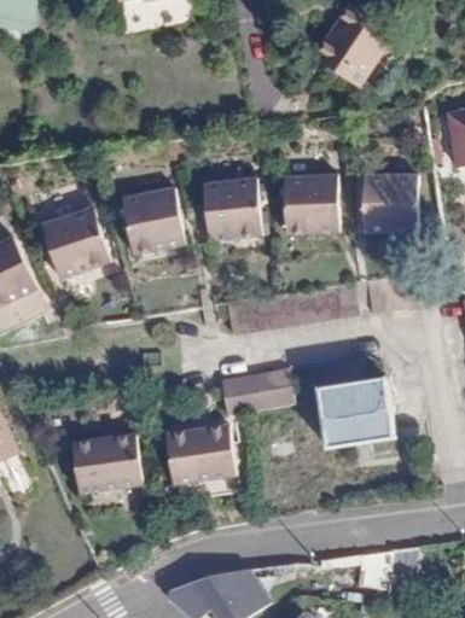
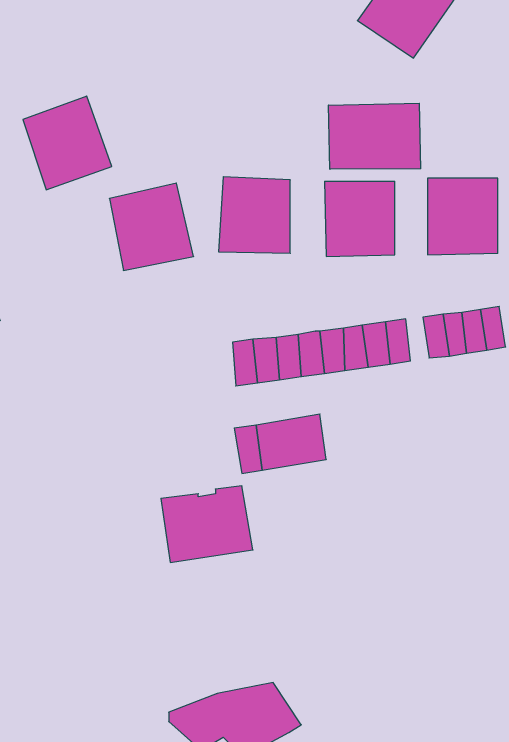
building: none -> [329,103,421,169]
building: [41,204,110,276] -> [23,96,112,190]
building: [322,384,396,450] -> none
building: [66,431,136,490] -> none

